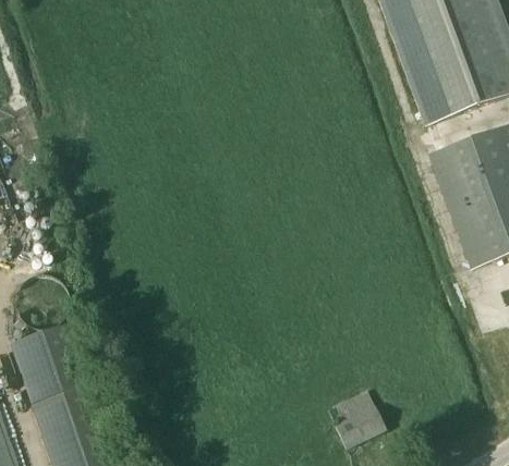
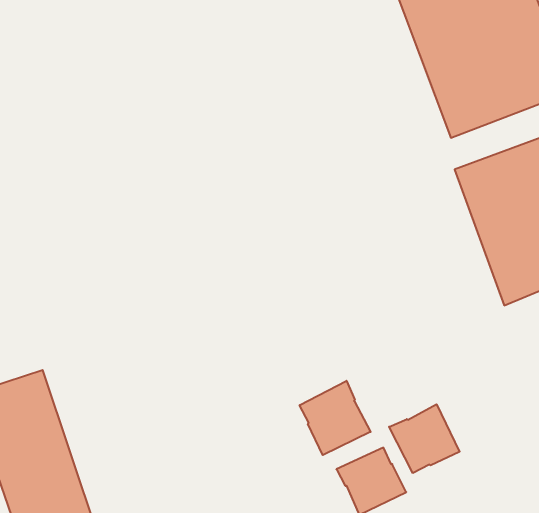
building: none -> [300,381,371,455]
building: none -> [389,404,460,473]

